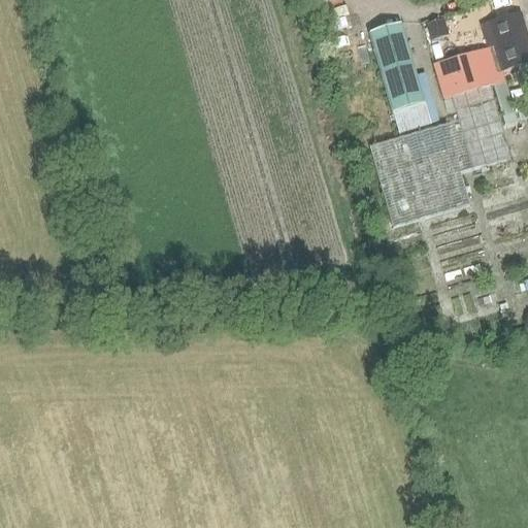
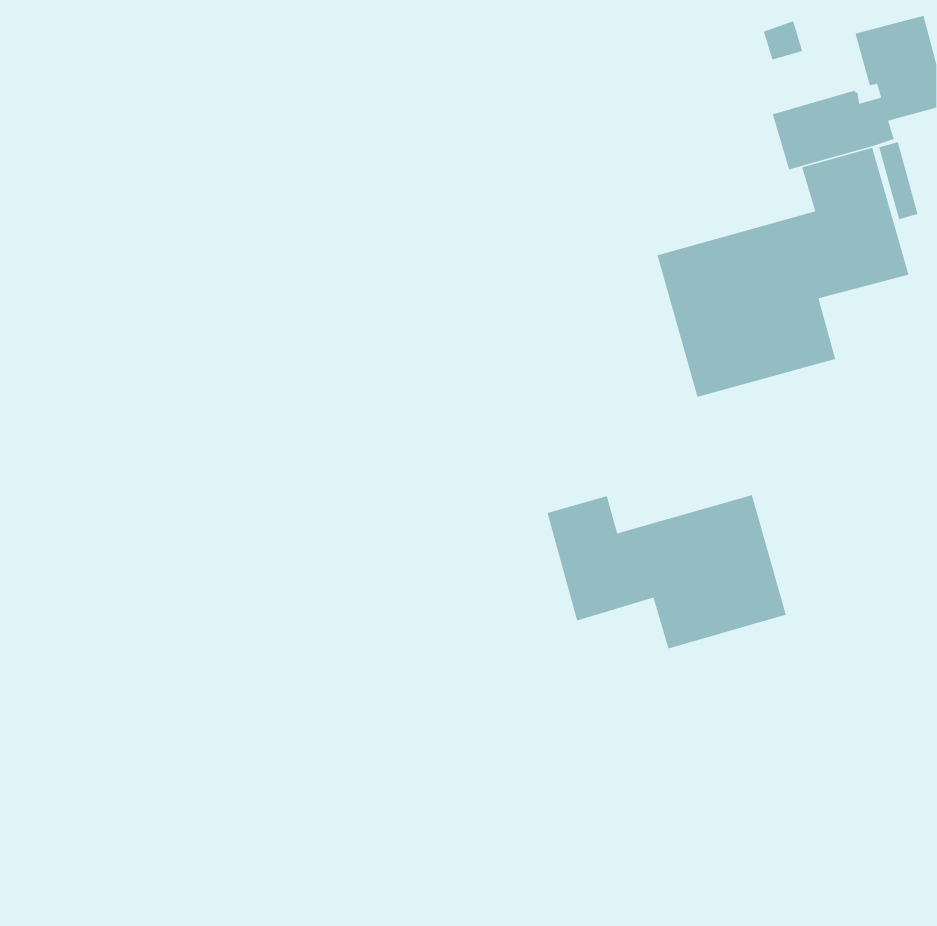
building: [368,20,431,131] -> none
building: none -> [546,494,787,650]

